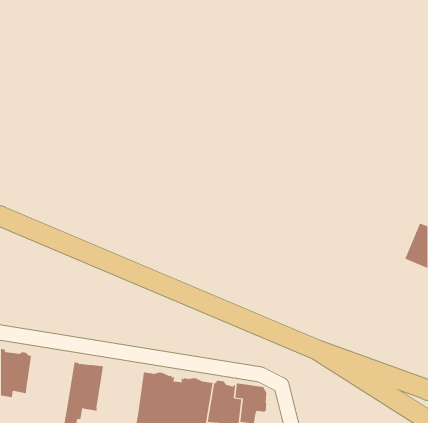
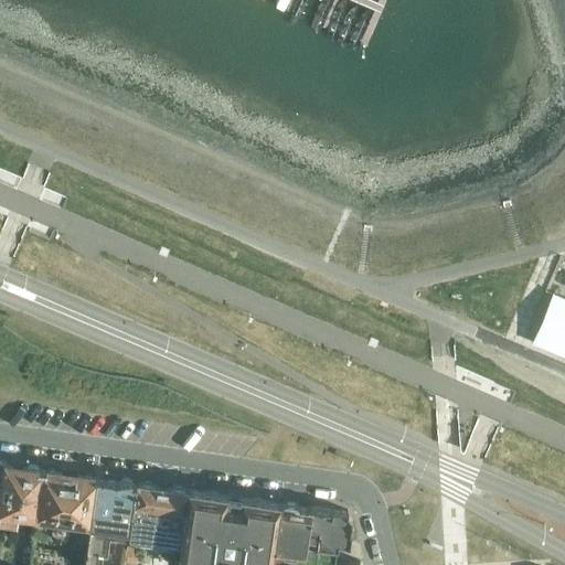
building: none -> [35,473,97,547]
building: none -> [128,488,189,551]

